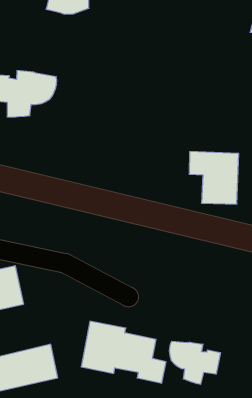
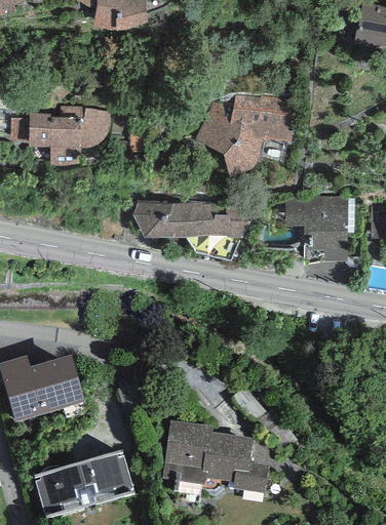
building: none -> [194,94,292,177]
building: none -> [132,200,250,260]
building: [170,341,221,384] -> none

